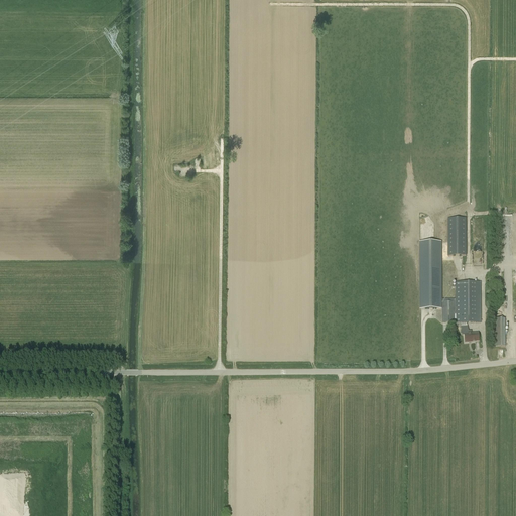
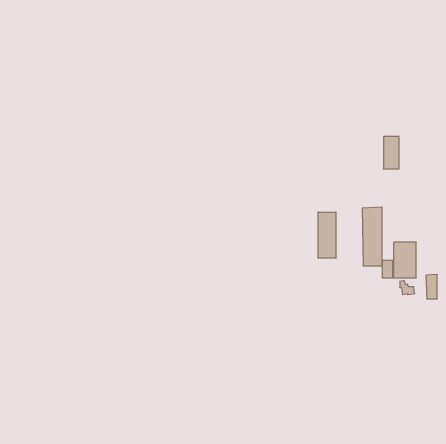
building: [447,216,466,253] -> [383,137,399,169]
building: none -> [318,212,336,258]

